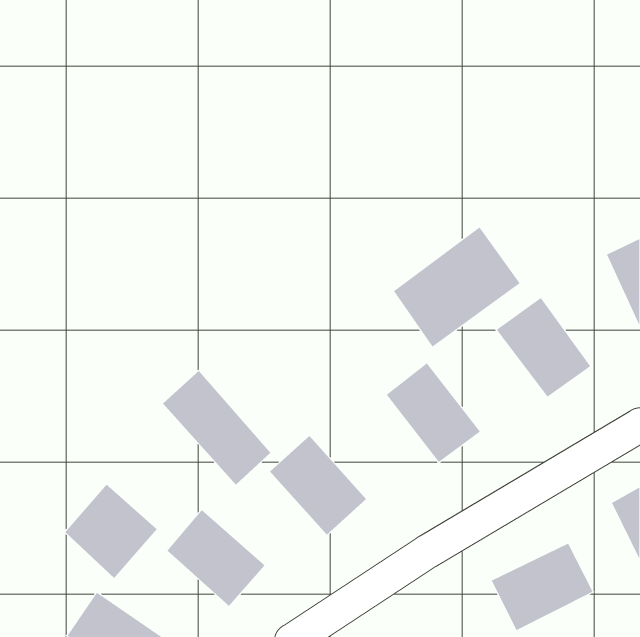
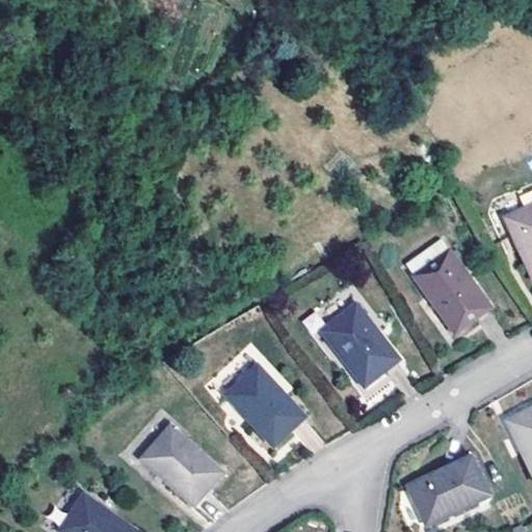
building: [393,227,521,348] -> none
building: [162,370,271,486] -> none
building: [65,484,158,579] -> none

